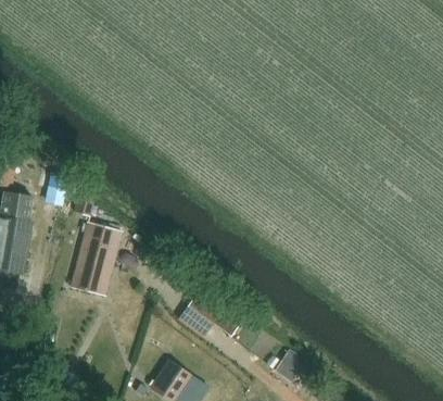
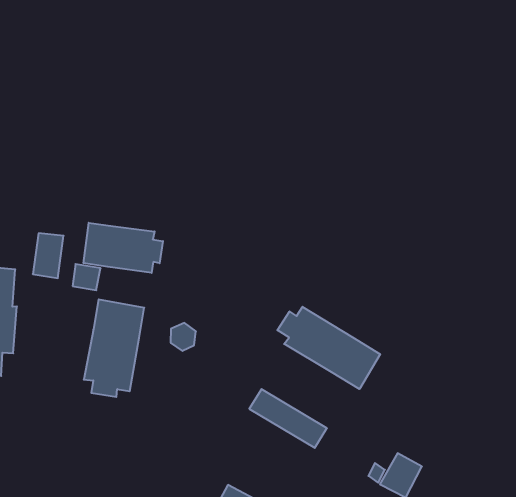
building: none -> [83,223,163,273]
building: none -> [277,307,380,389]

